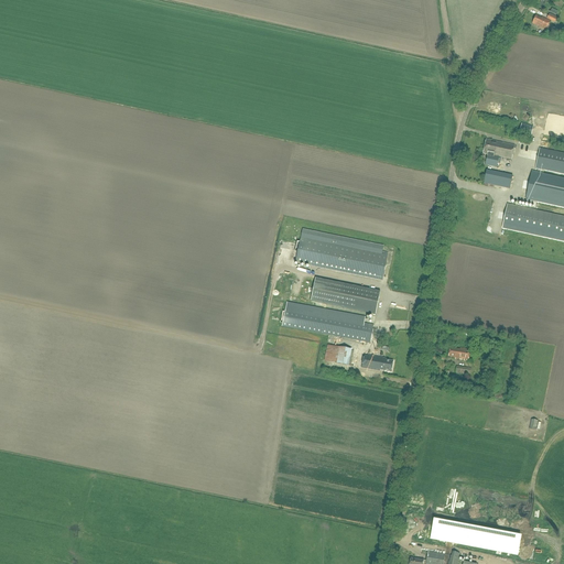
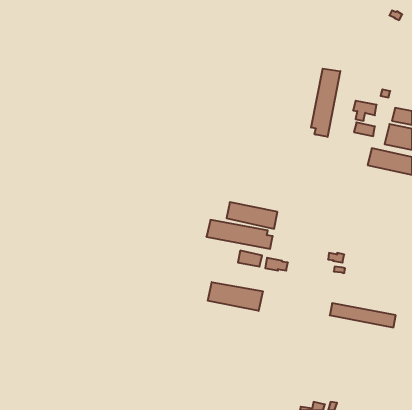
building: none -> [311,69,340,137]
building: [295,227,388,279] -> none
building: none -> [208,282,263,311]
building: [431,520,521,553] -> [330,303,396,327]

